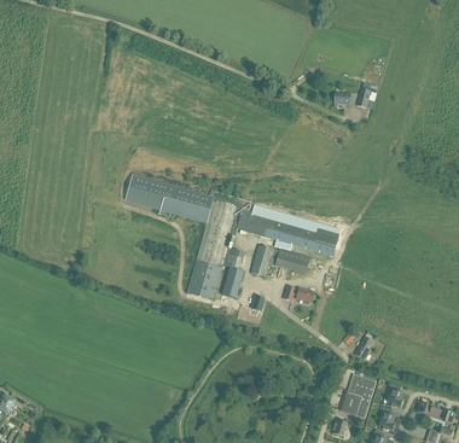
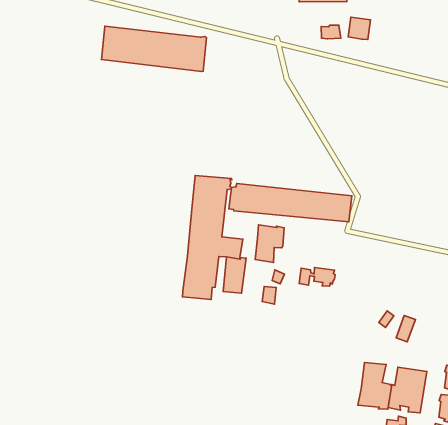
building: [124,173,213,222] -> [101,26,206,71]
building: none -> [358,363,391,409]

